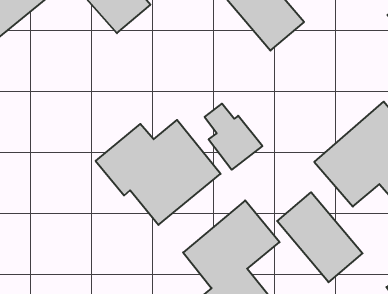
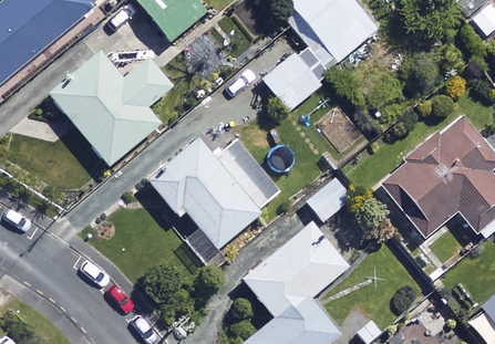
building: none -> [50,52,174,165]
building: [205,104,262,170] -> [258,39,321,111]
building: [277,192,363,282] -> none

